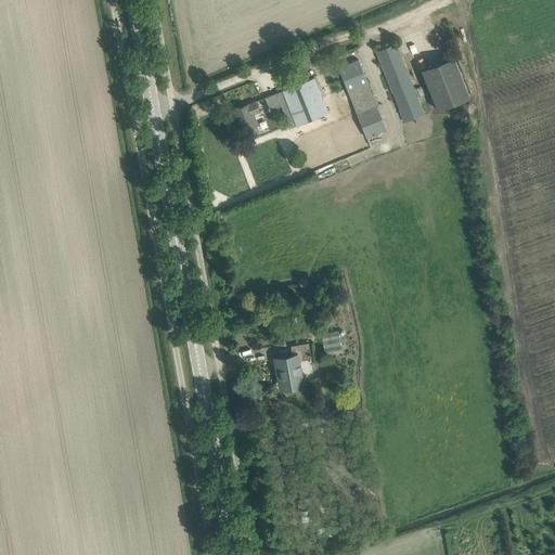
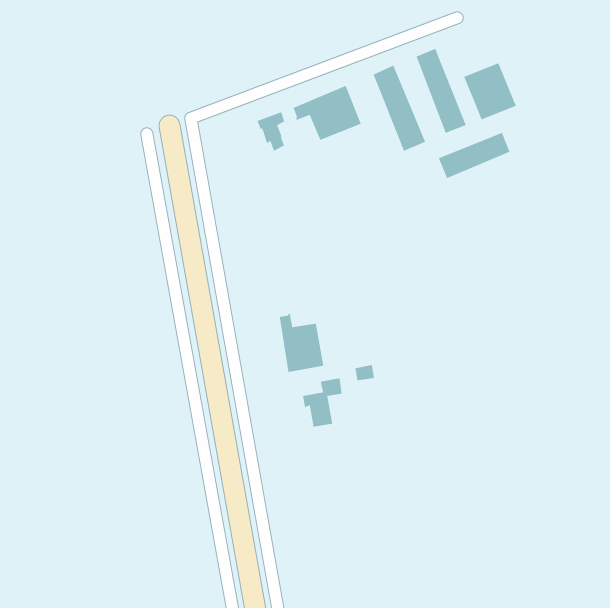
building: none -> [438,132,510,179]
building: none -> [279,313,324,373]

